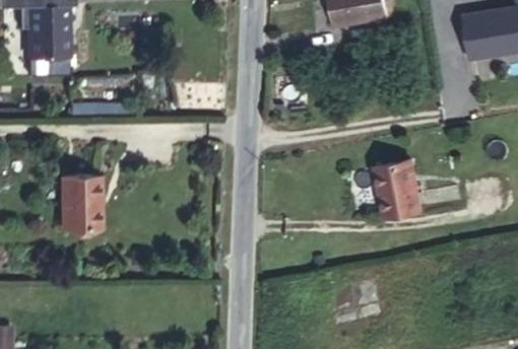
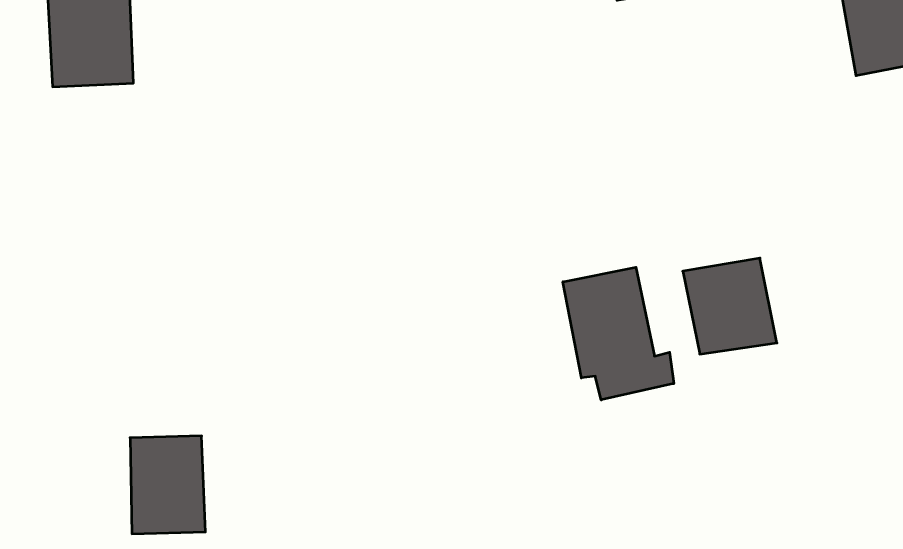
building: none -> [563,267,674,400]
building: [56,186,96,238] -> [130,436,205,534]

